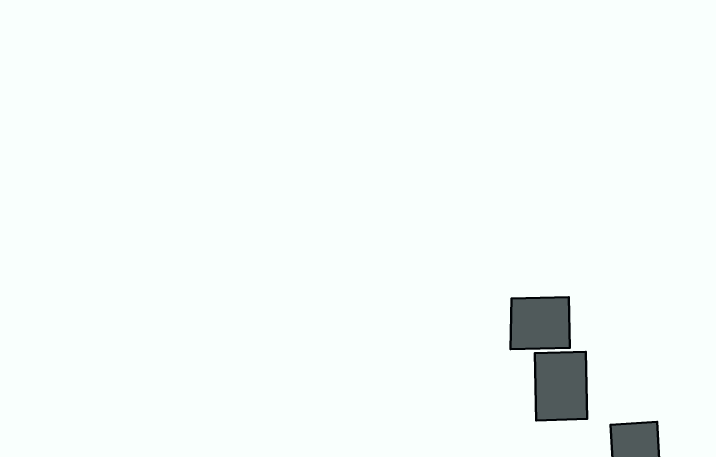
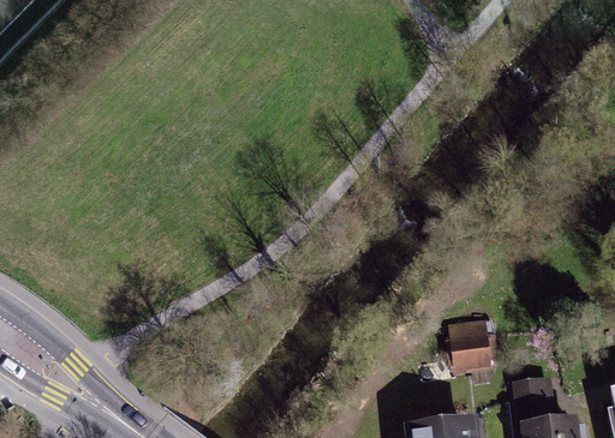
building: [511,297,570,349] -> none

